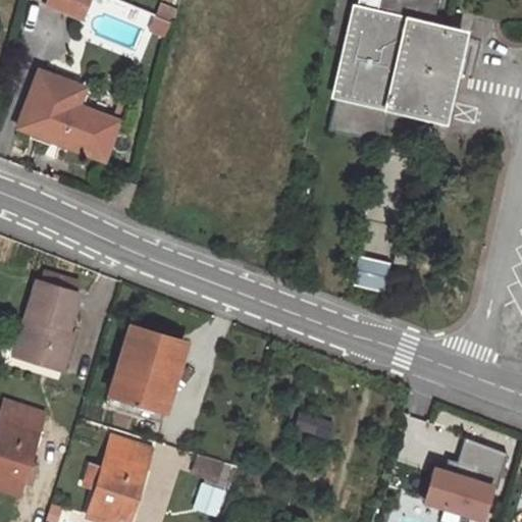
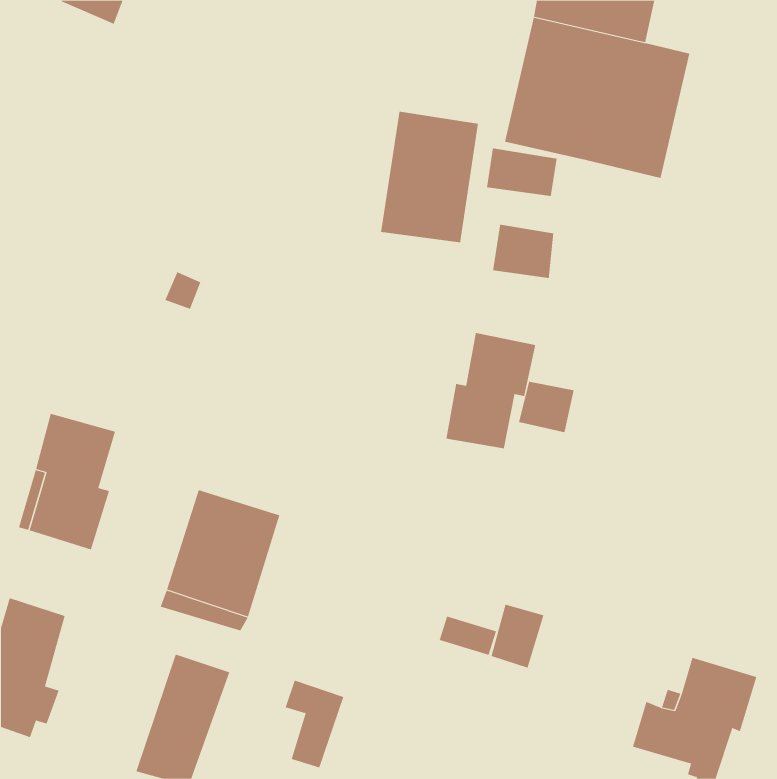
building: [13,68,115,160] -> none
building: none -> [380,111,479,243]
building: none -> [493,224,554,279]
building: none -> [446,332,536,449]
building: none -> [491,604,544,668]

